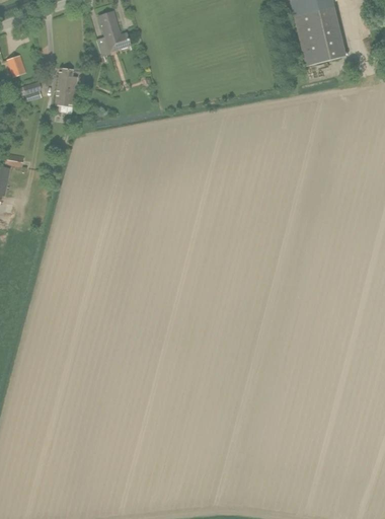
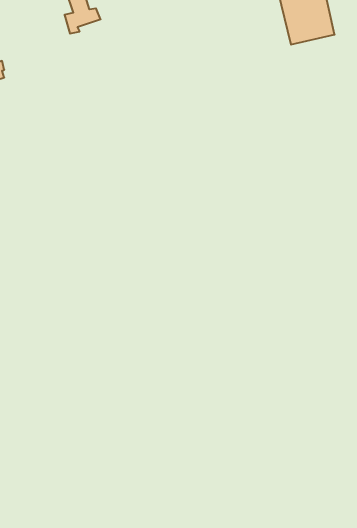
building: [55,67,77,103] -> none

